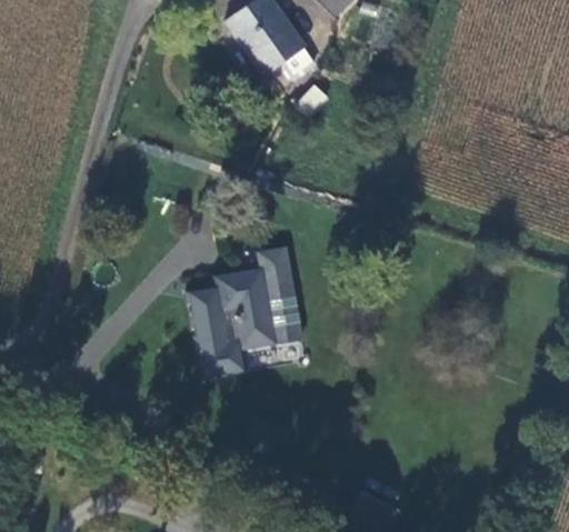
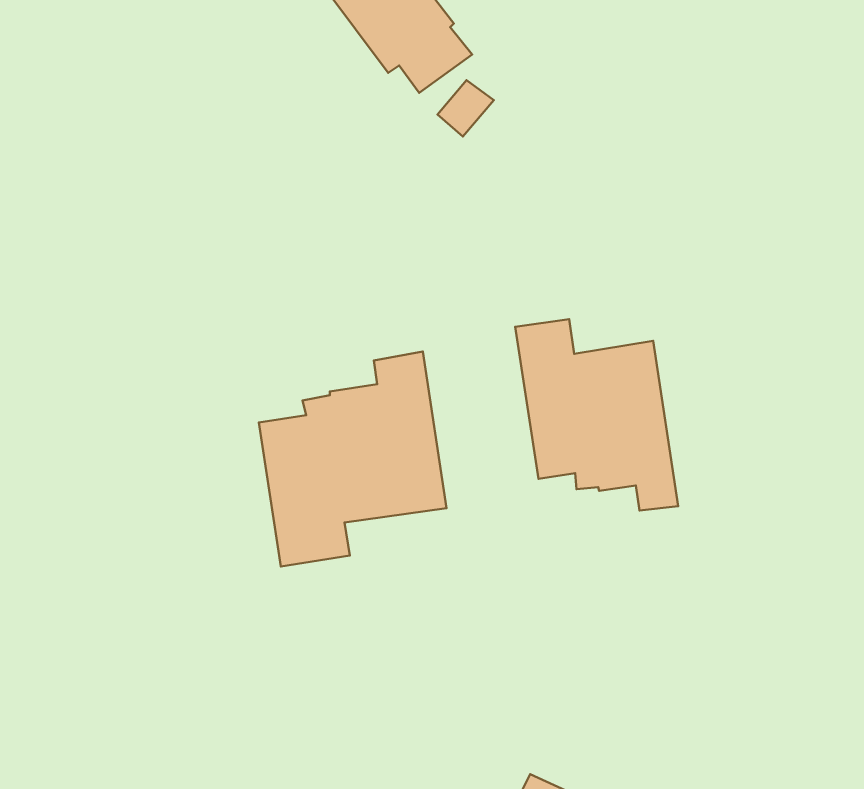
building: none -> [515,319,678,510]

